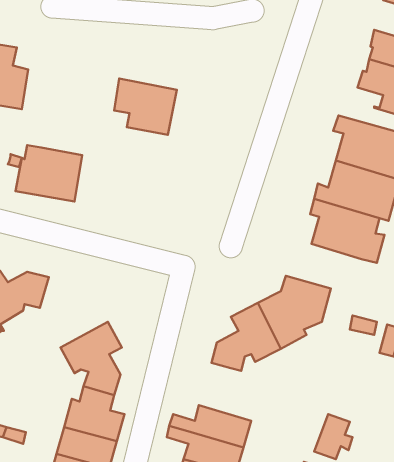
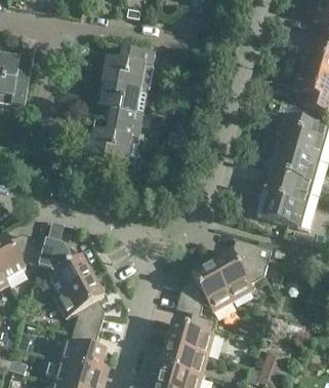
building: none -> [101,46,155,89]
building: [16,145,82,201] -> [87,117,140,162]
building: none -> [38,239,92,296]
building: none -> [165,312,214,354]

